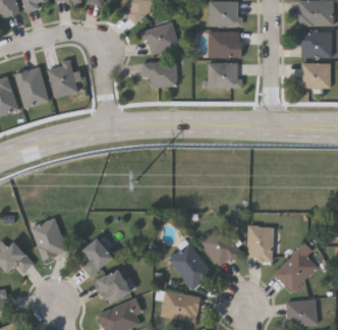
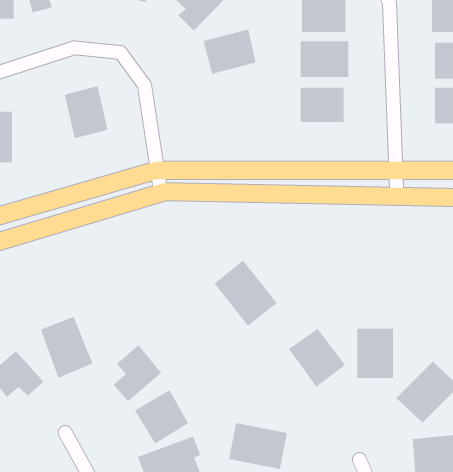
building: [143,62,177,87] -> none
building: [15,67,49,108] -> none
building: [169,243,213,289] -> [213,260,278,327]

